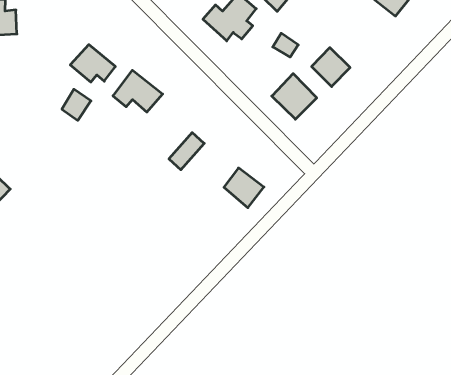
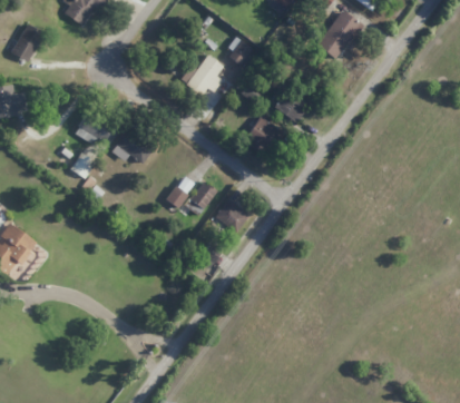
building: none -> [185,181,216,214]

